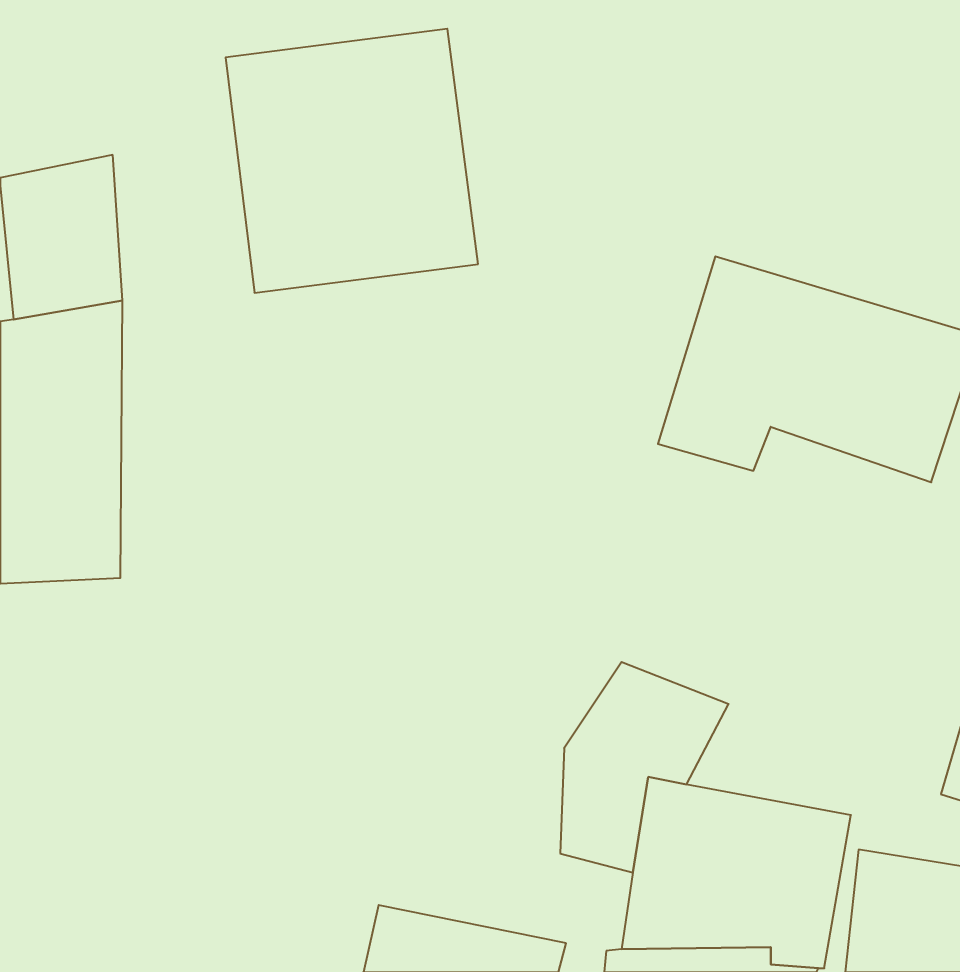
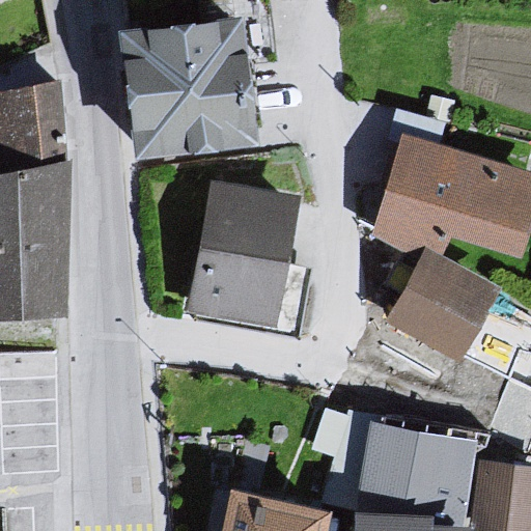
building: none -> [180,185,292,331]
building: none -> [383,255,511,376]

